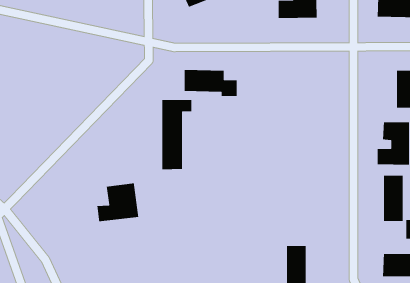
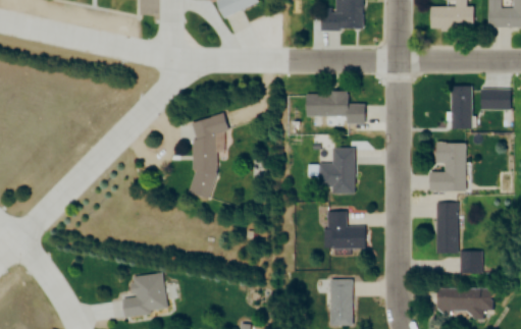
building: [184,69,237,97] -> [306,92,365,122]
building: none -> [319,148,356,194]
building: [97,183,139,222] -> [121,272,168,316]
building: none -> [327,211,368,249]

